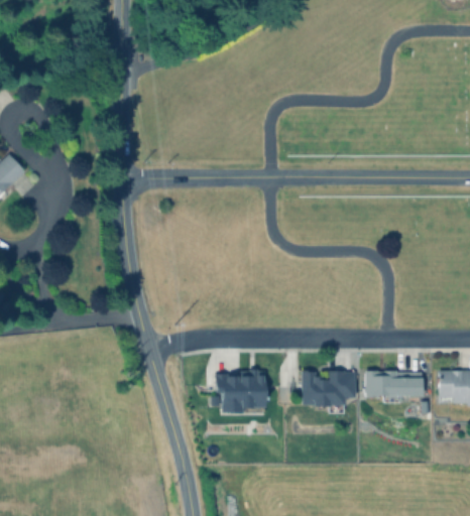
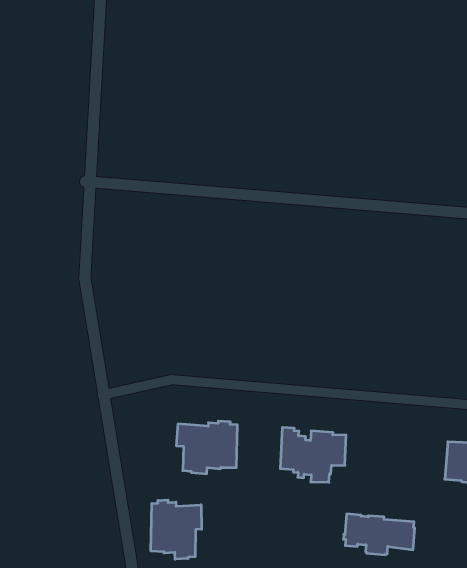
building: [365,371,424,402] -> [343,514,415,555]
building: none -> [151,500,202,559]

